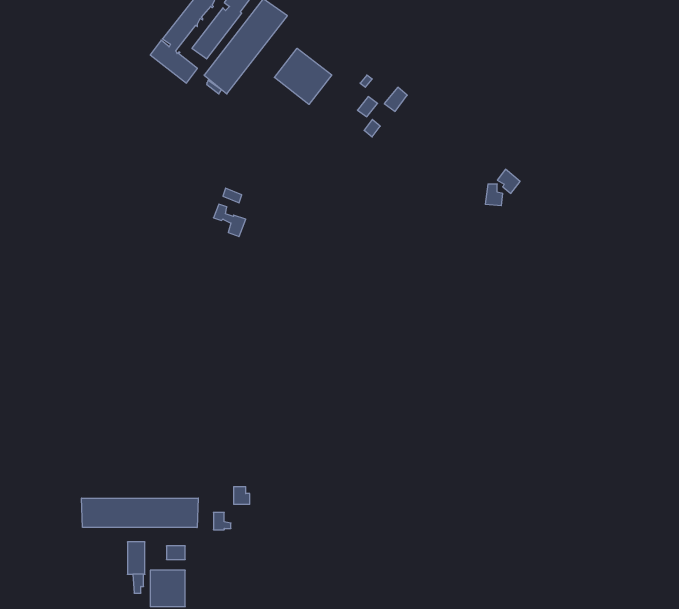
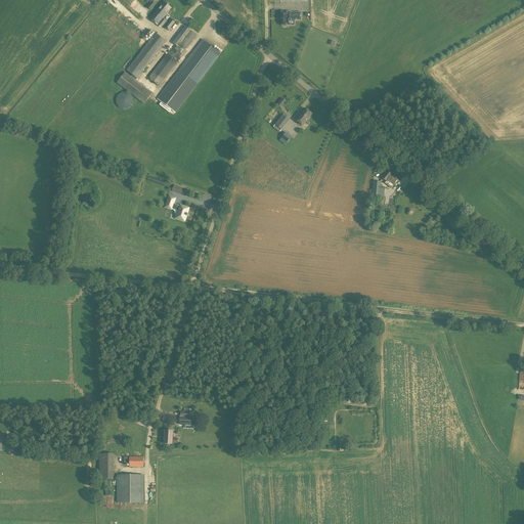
building: [274,48,332,104] -> none
building: [82,498,198,528] -> none

